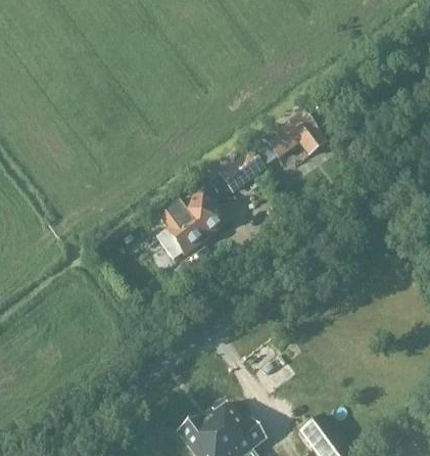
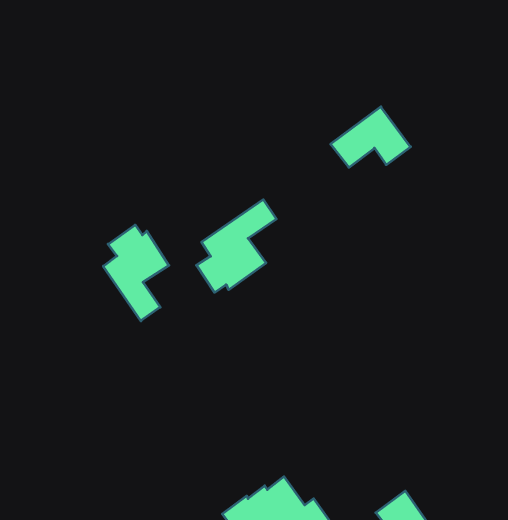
building: [220,149,265,190] -> none
building: none -> [103,225,169,321]

